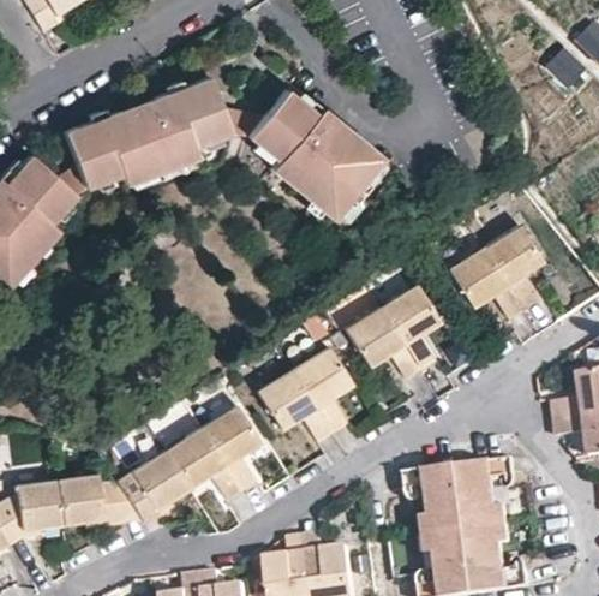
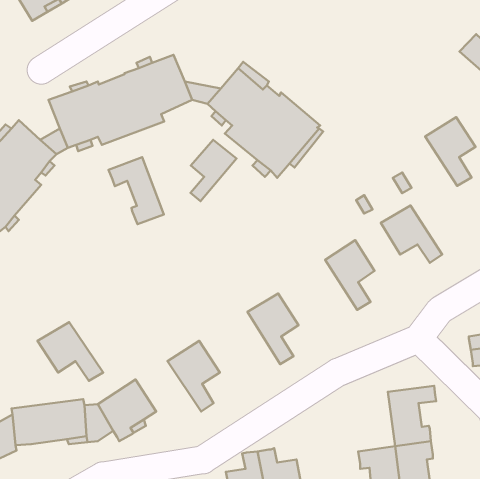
building: none -> [191,140,237,201]
building: none -> [109,157,164,224]
building: [484,225,543,305] -> [425,117,476,186]
building: [348,311,421,380] -> none
building: [257,372,331,443] -> none
building: [162,430,239,499] -> [38,322,103,381]
building: [403,466,466,536] -> none

